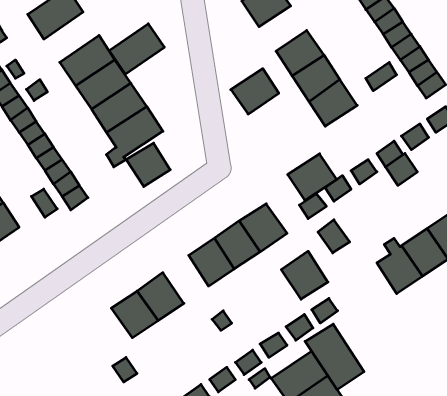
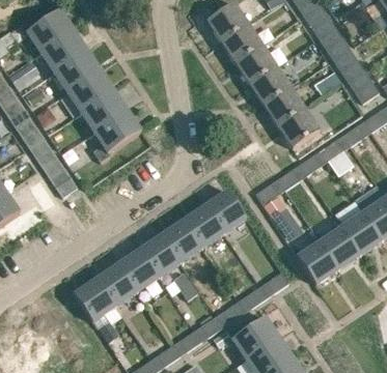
building: [109,24,164,74] -> [39,29,86,71]
building: [231,69,279,114] -> [221,24,261,62]
building: [126,143,170,187] -> none
building: [288,154,337,200] -> [277,108,319,147]
building: [281,251,328,299] -> [298,240,337,281]
building: none -> [140,234,178,275]
building: none -> [75,279,114,319]
building: [305,324,364,390] -> none

